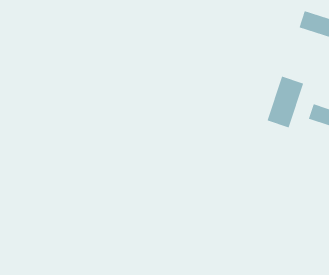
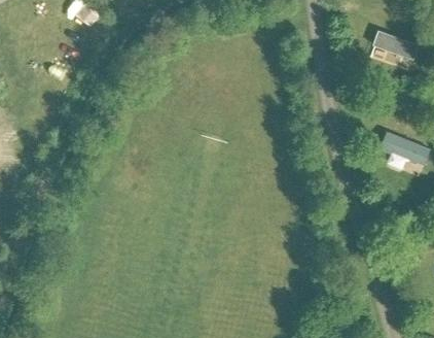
building: [266,76,304,128] -> none

